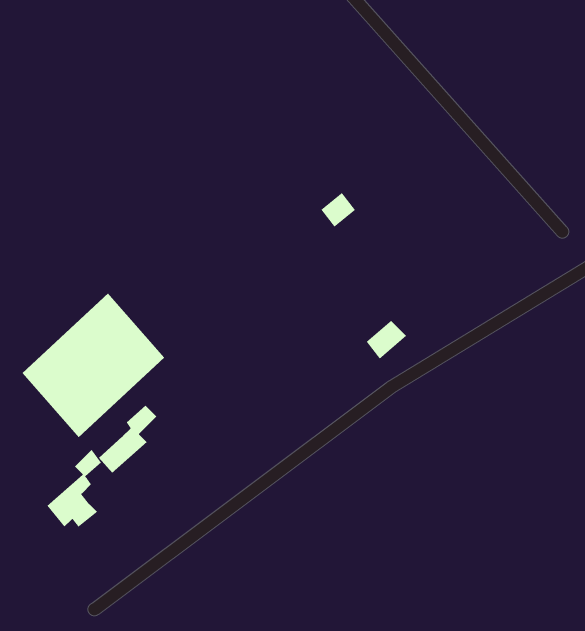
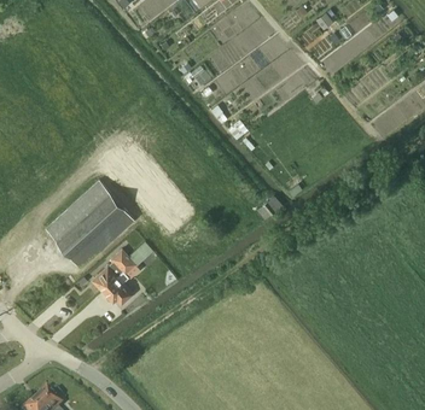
building: [47,449,102,528] -> [101,257,135,305]

